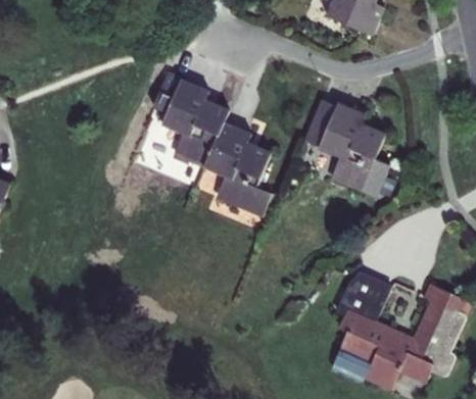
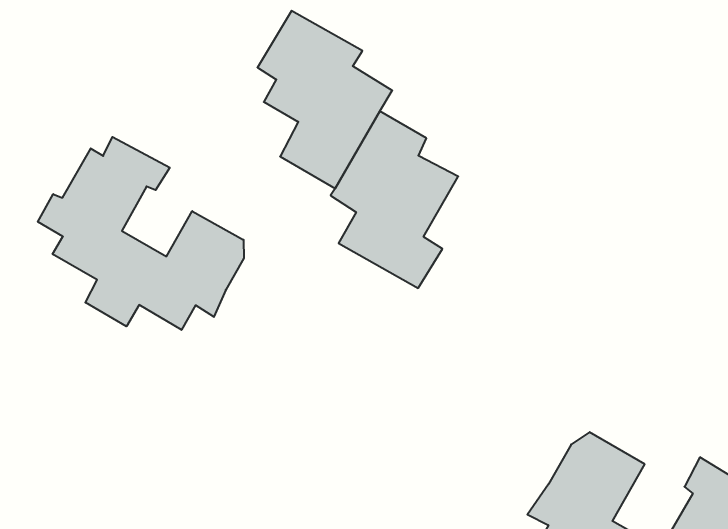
building: [303,100,388,196] -> none
building: none -> [38,137,244,330]

